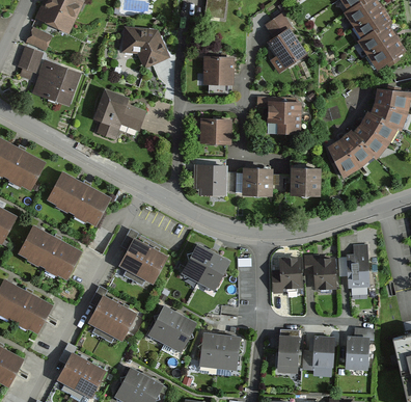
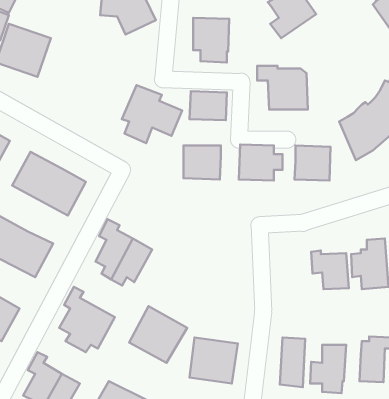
building: [93,90,145,140] -> [122,85,182,143]
building: [182,244,230,292] -> none
building: [272,259,302,294] -> none

